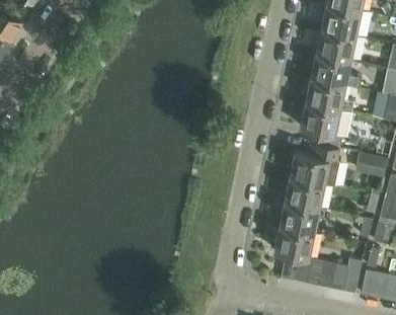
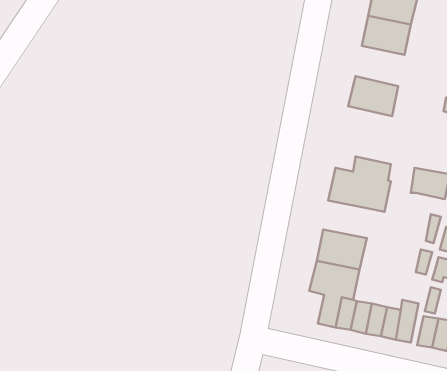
building: [311,52,362,86] -> none
building: [300,100,342,147] -> none
building: [285,176,324,207] -> none

